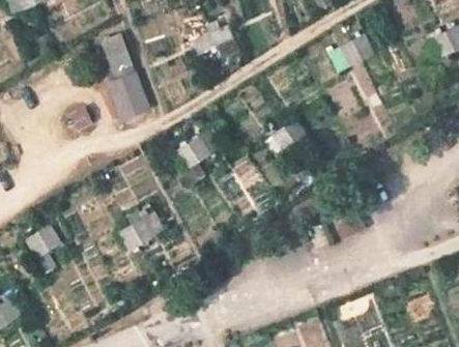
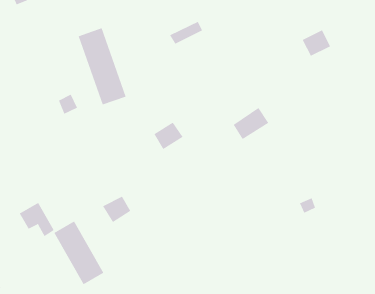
building: none -> [53,221,104,285]

